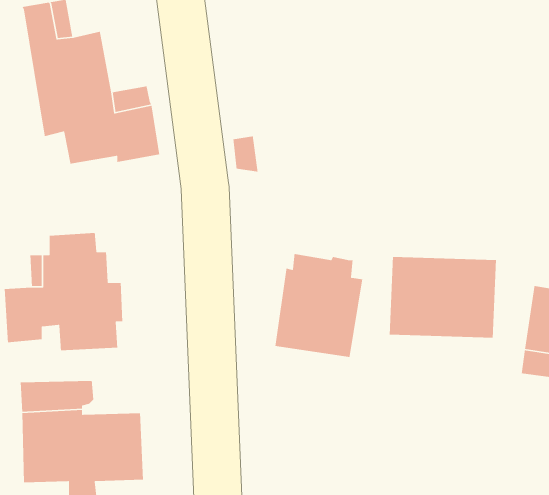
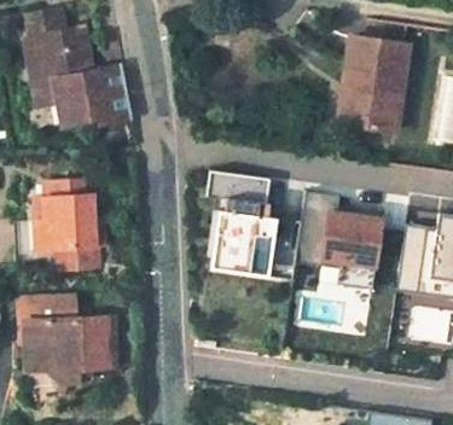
building: none -> [339,37,407,132]
building: none -> [207,171,272,204]

